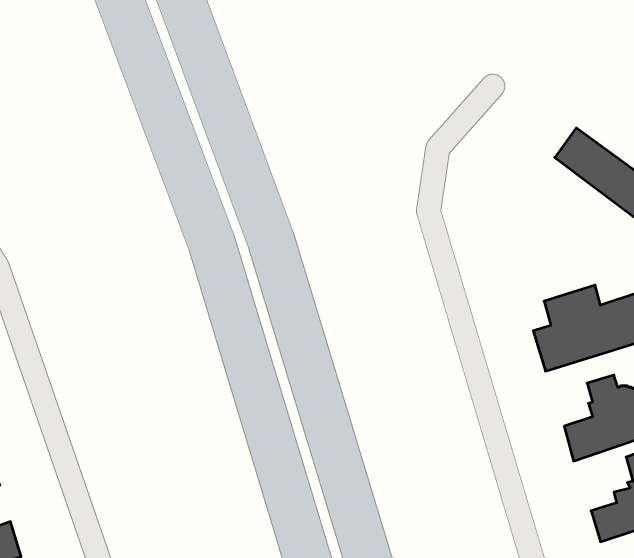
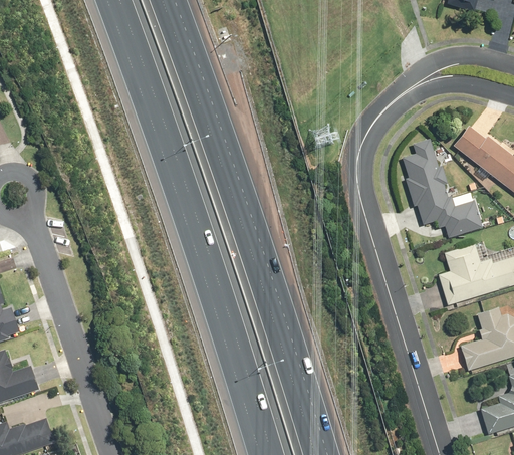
building: none -> [403,139,482,238]

